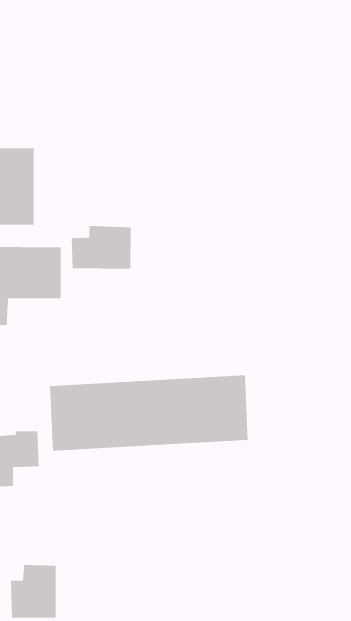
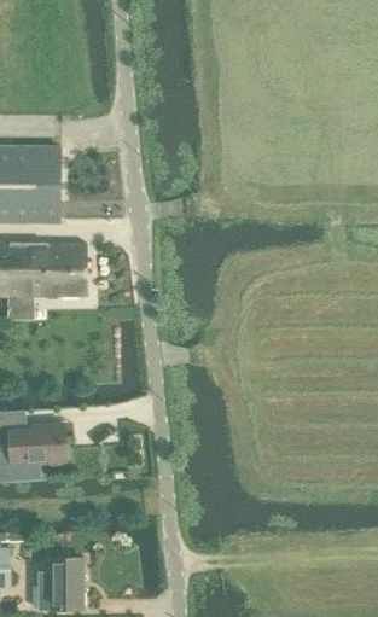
building: [71,225,131,269] -> none
building: [49,375,248,451] -> none

